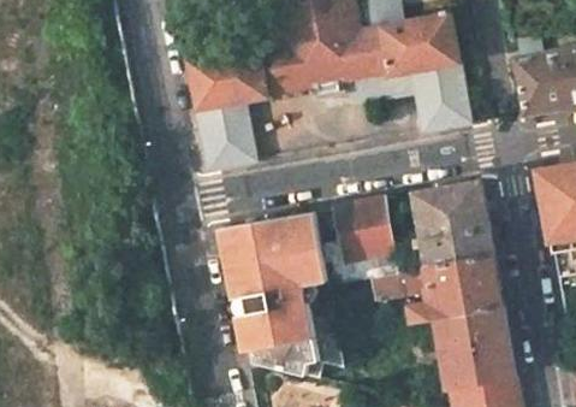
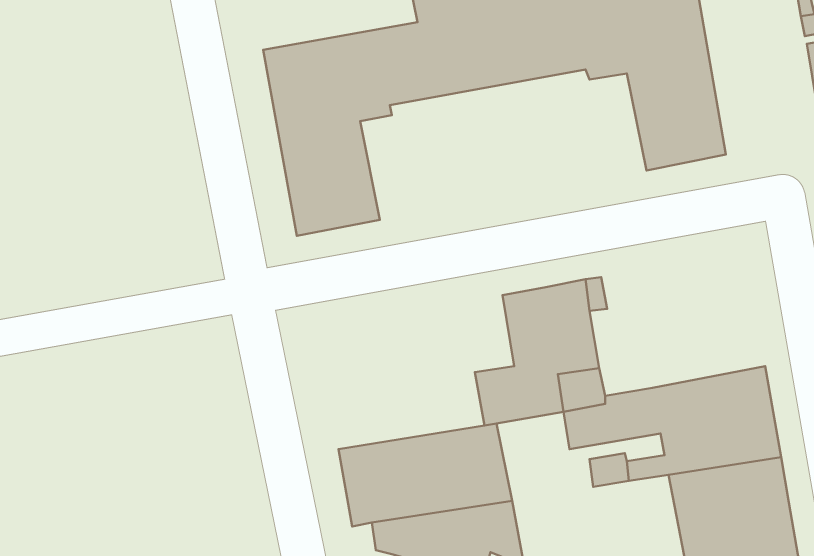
building: [412,181,493,264] -> none
building: [219,212,322,301] -> none

